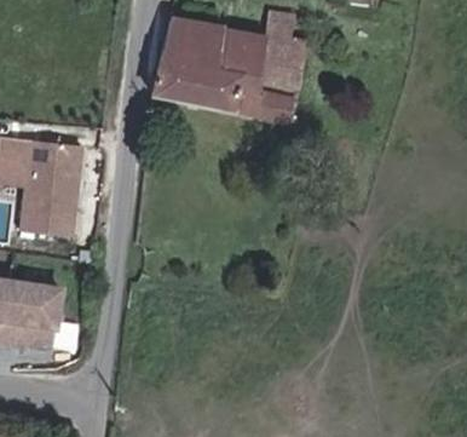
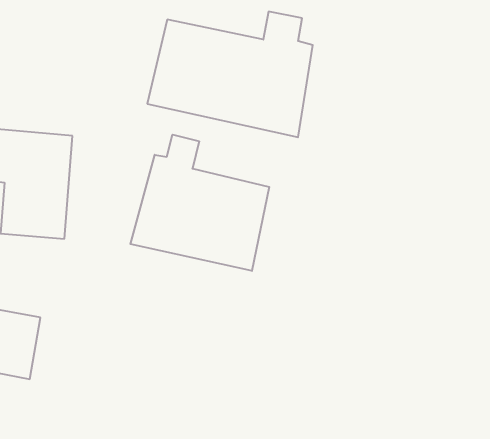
building: none -> [130,135,269,271]

